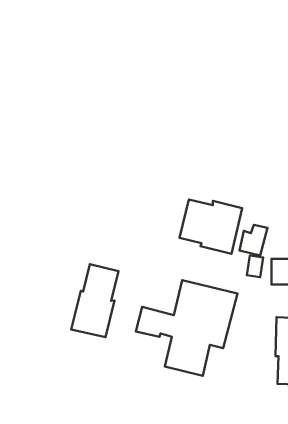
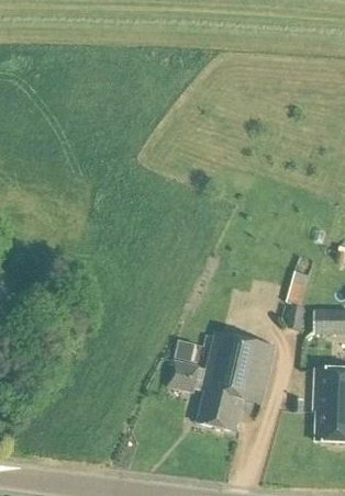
building: [179,200,242,254] -> none
building: [71,264,118,337] -> none

